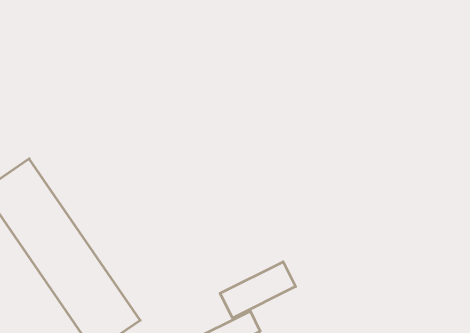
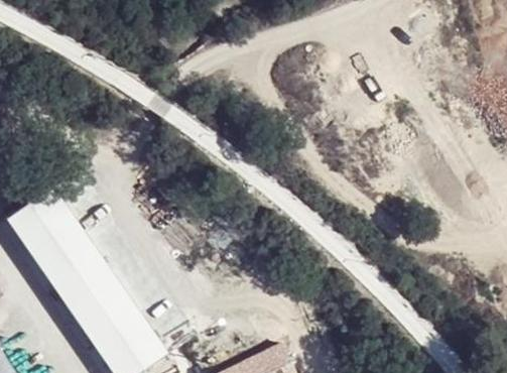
building: [220,262,296,318] -> none

